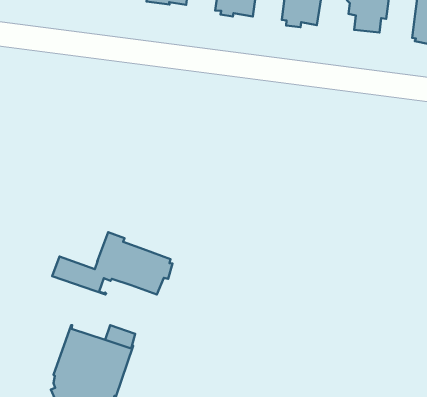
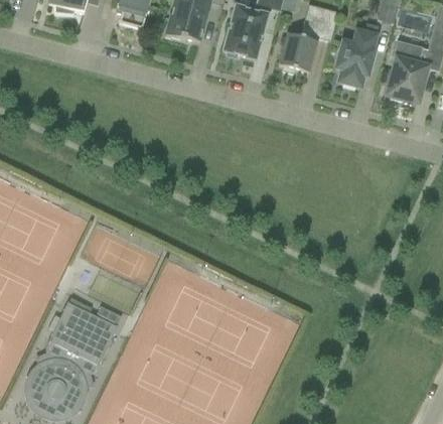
building: [52,232,172,294] -> none

